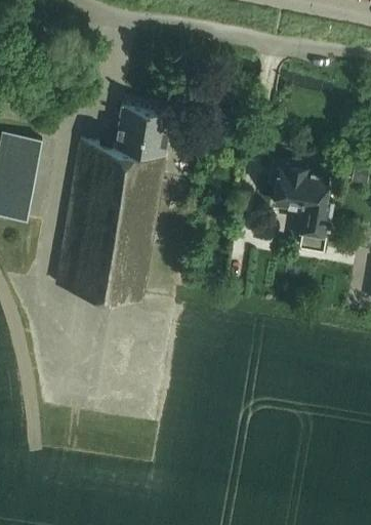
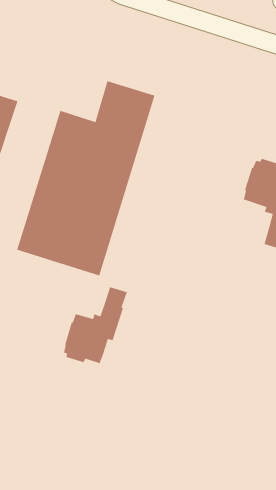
building: none -> [63,286,128,364]

